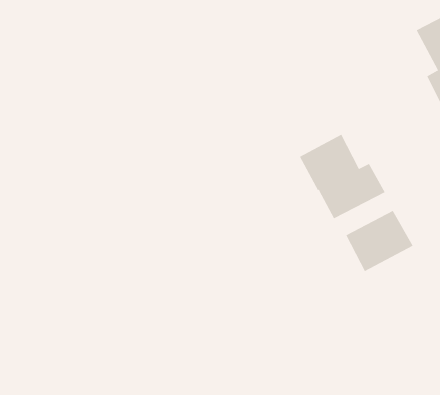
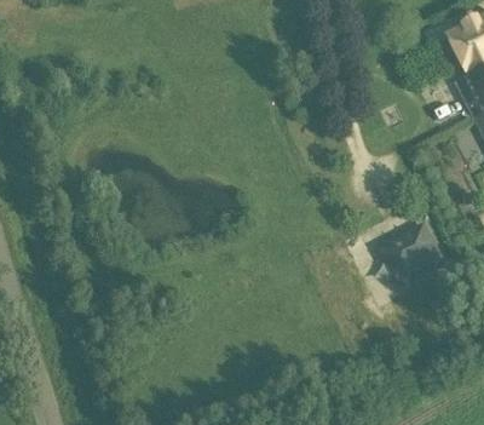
building: [299,134,385,219] -> none

